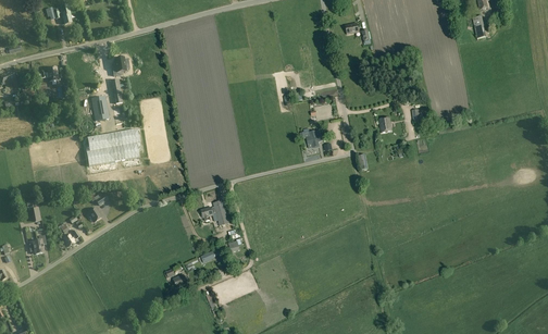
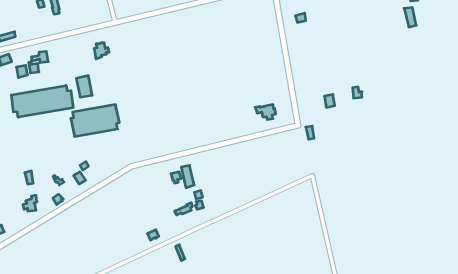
building: none -> [11,85,73,117]

